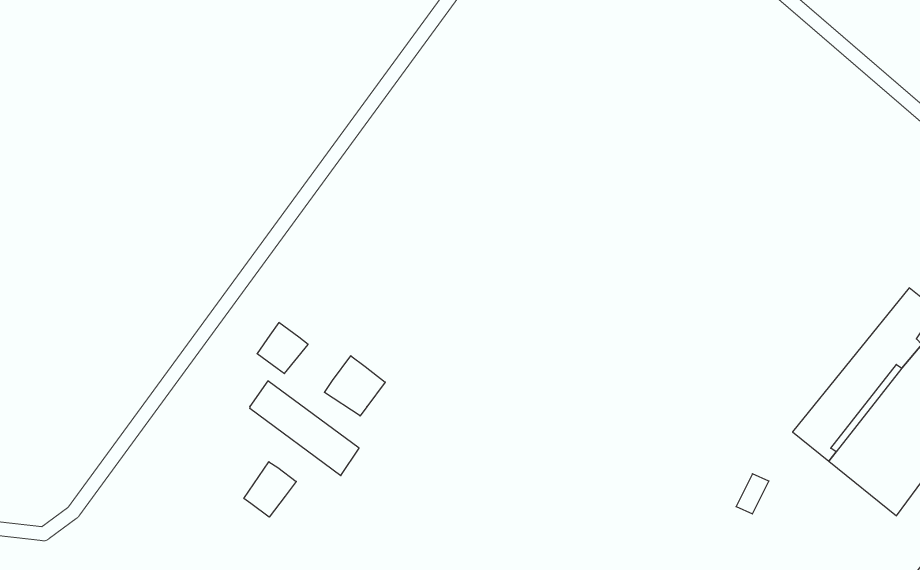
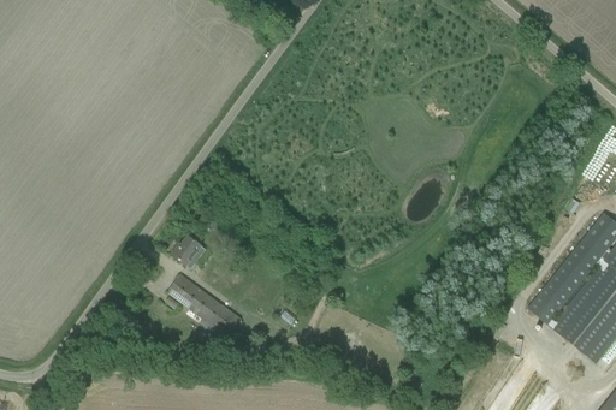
building: [324,356,385,416] -> none
building: [244,462,296,517] -> none

